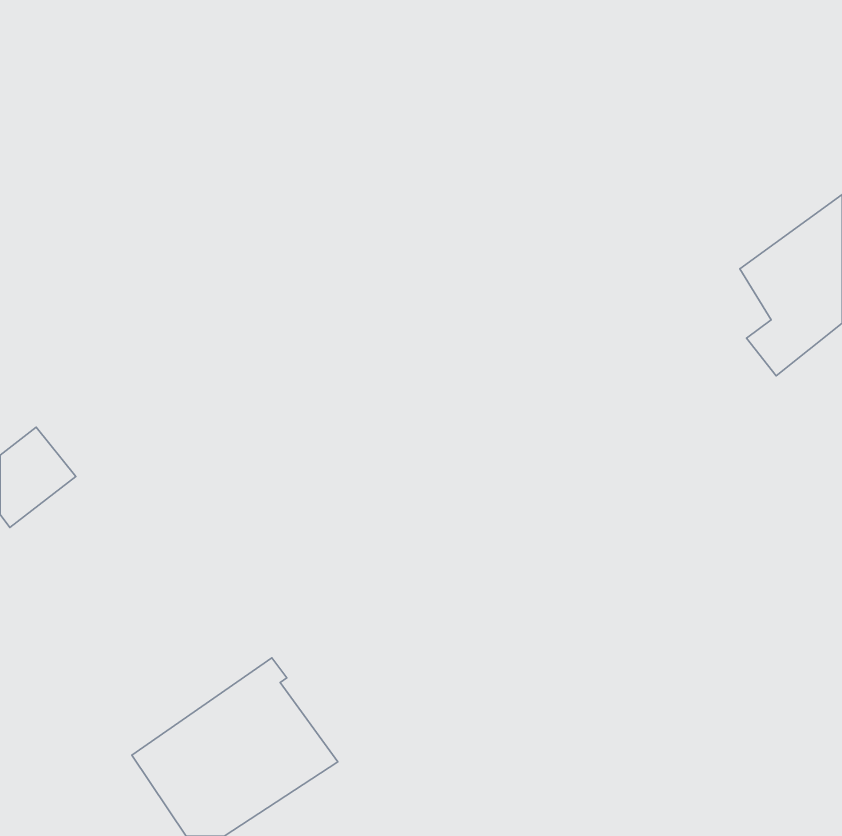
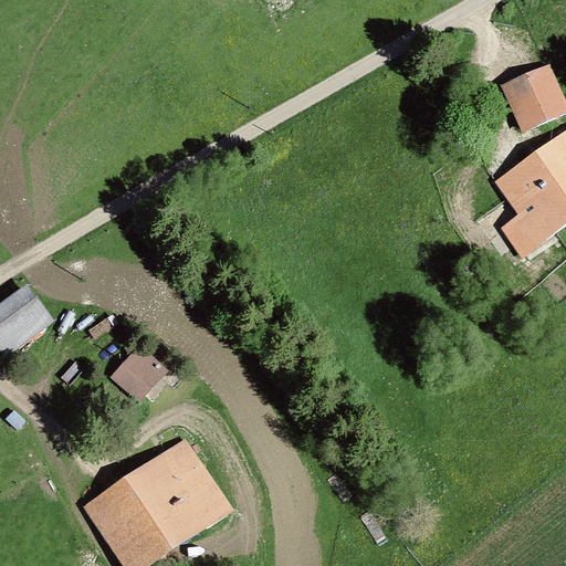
building: none -> [497,67,559,132]
building: none -> [117,348,166,396]

